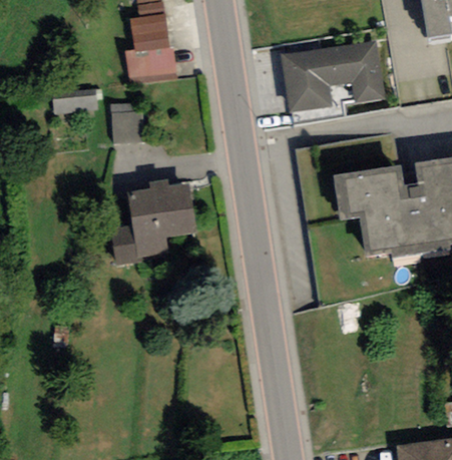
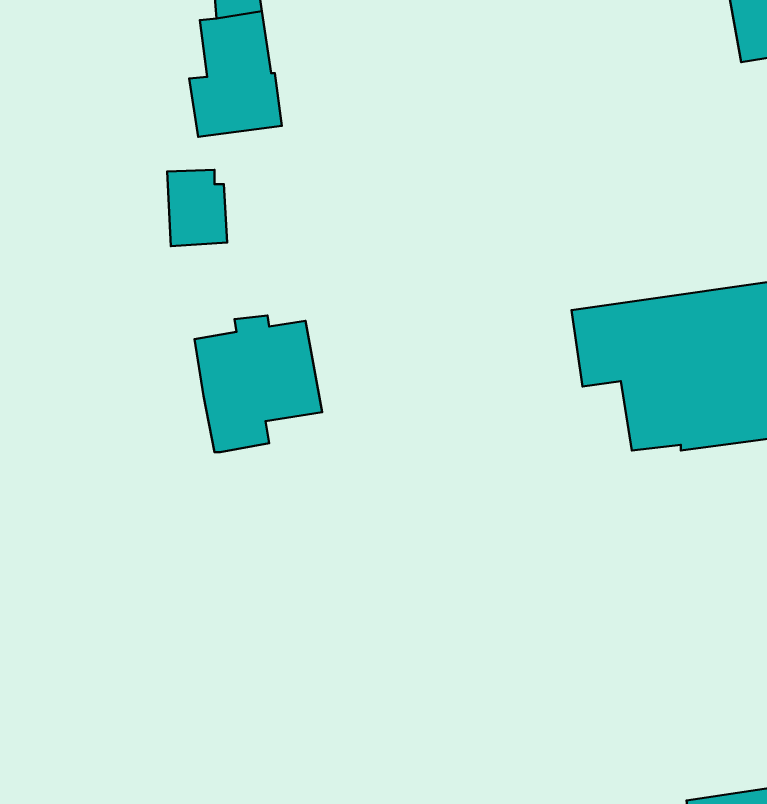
building: [278,38,384,112] -> none
building: [52,85,97,111] -> none
building: [109,223,141,266] -> none

